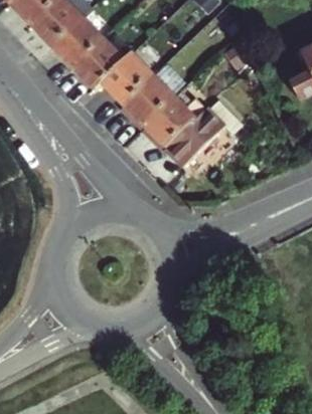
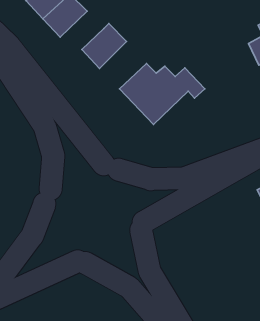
building: [72,36,123,86] -> none
building: [118,71,172,126] -> none

